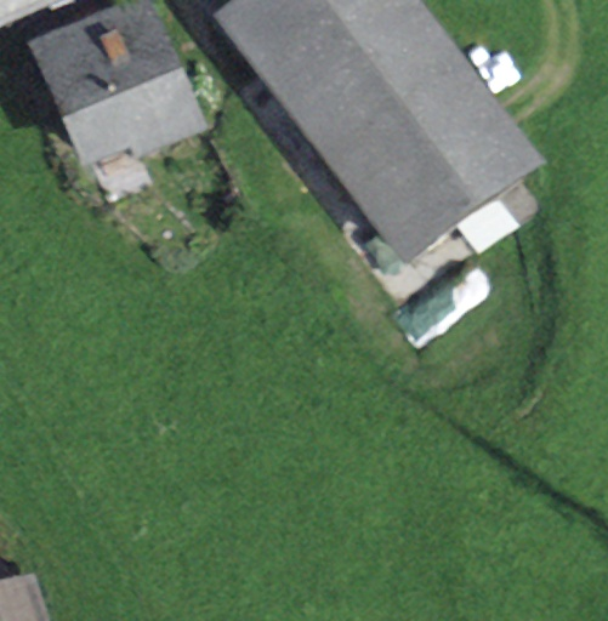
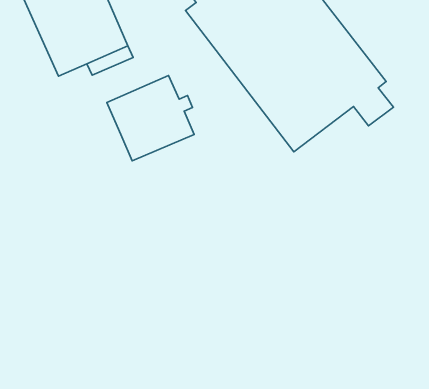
building: none -> [107,75,194,161]

